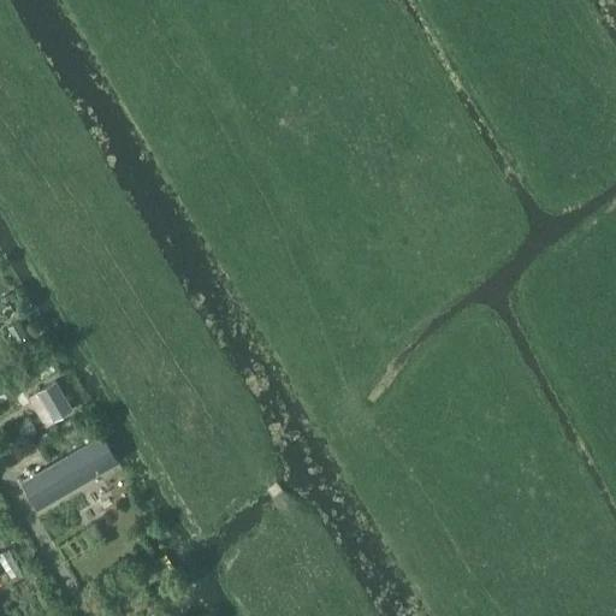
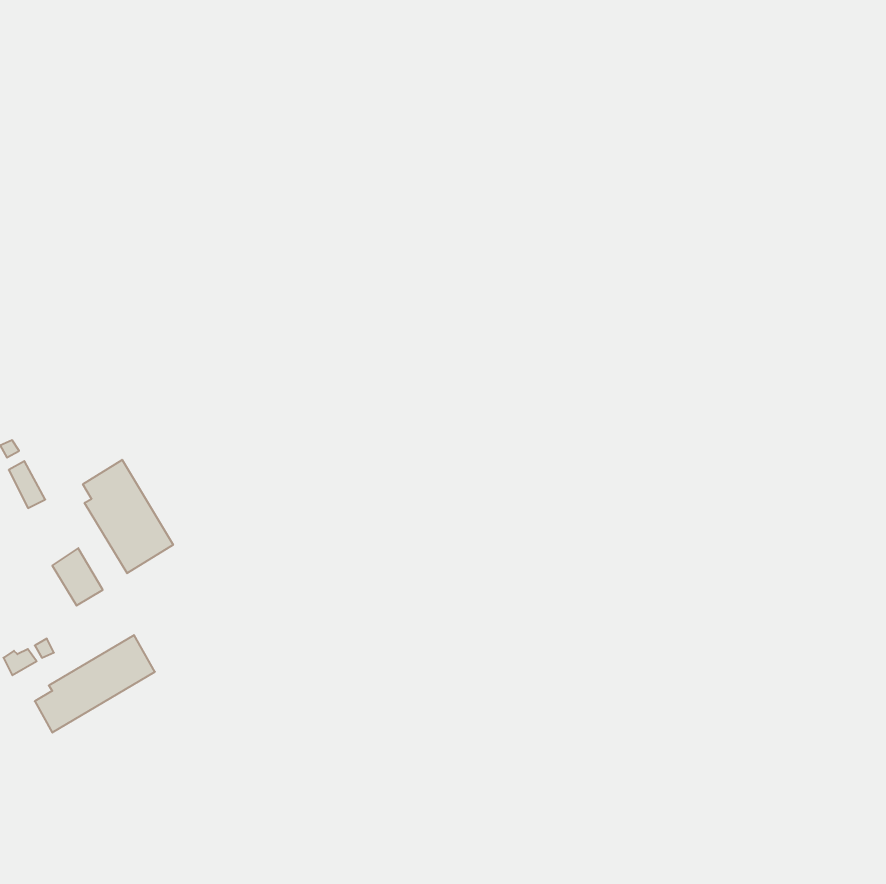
building: none -> [83,460,173,573]

